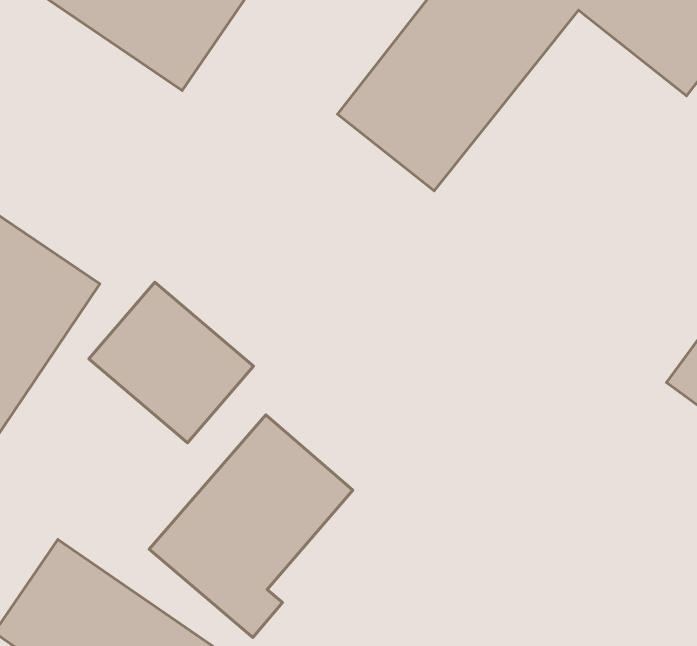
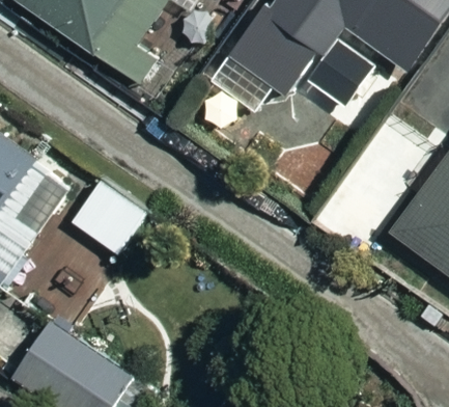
building: [149,415,353,637] -> none

